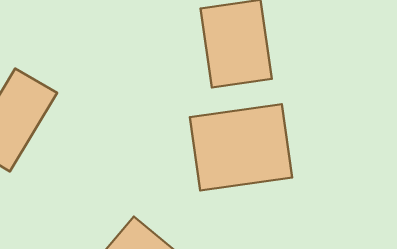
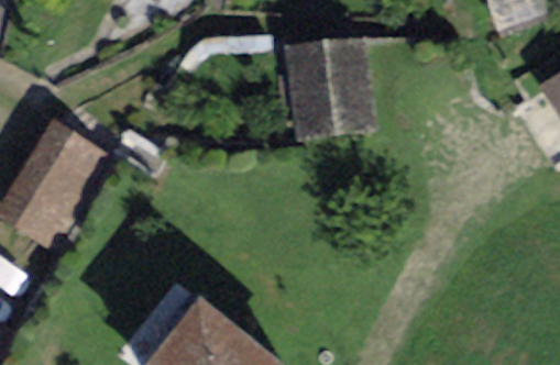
building: [190,104,292,191] -> none

